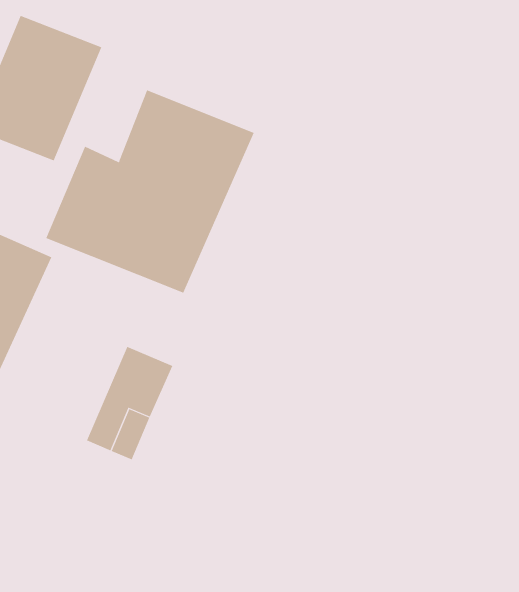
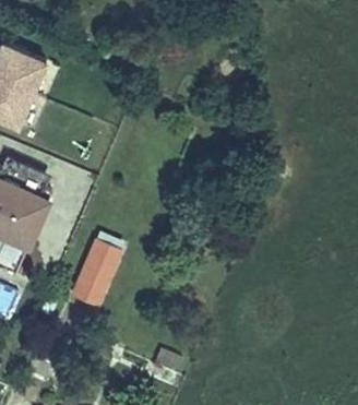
building: [46,89,254,294] -> none

